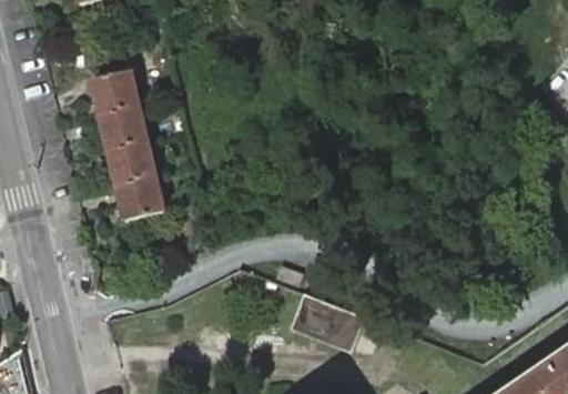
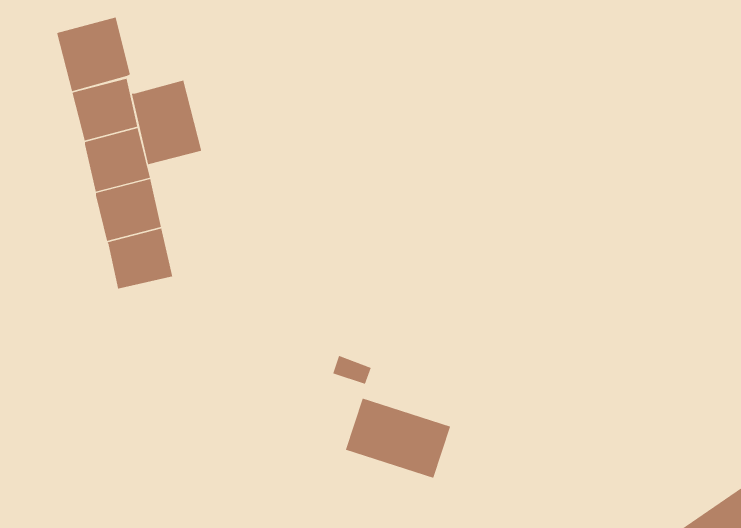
building: none -> [56,16,131,92]
building: none -> [131,79,202,165]

